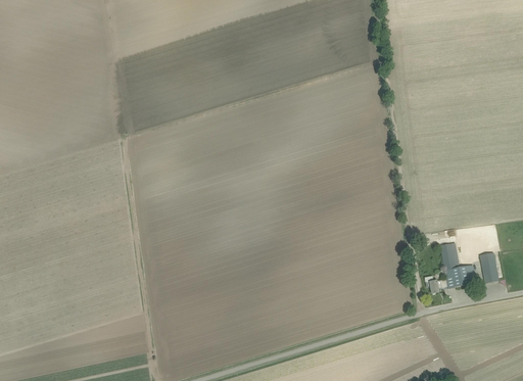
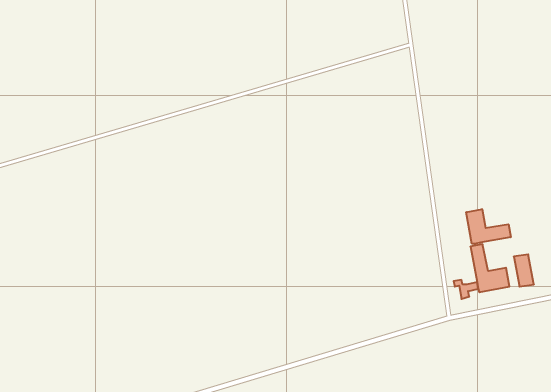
building: none -> [466,209,511,244]

